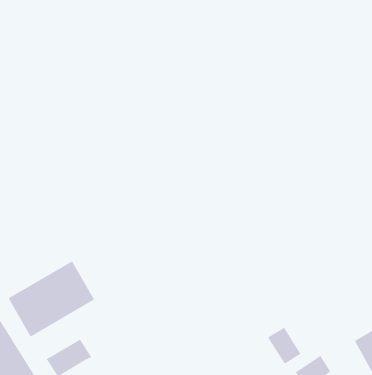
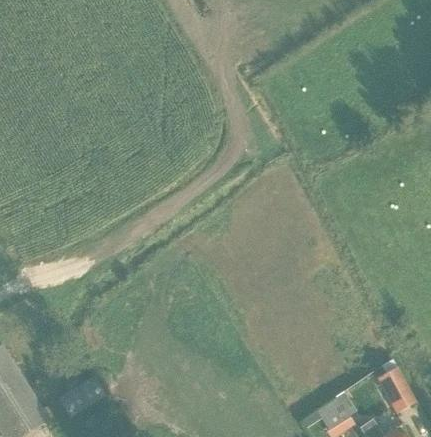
building: [8,260,95,338] -> none
building: [267,327,301,365] -> none

